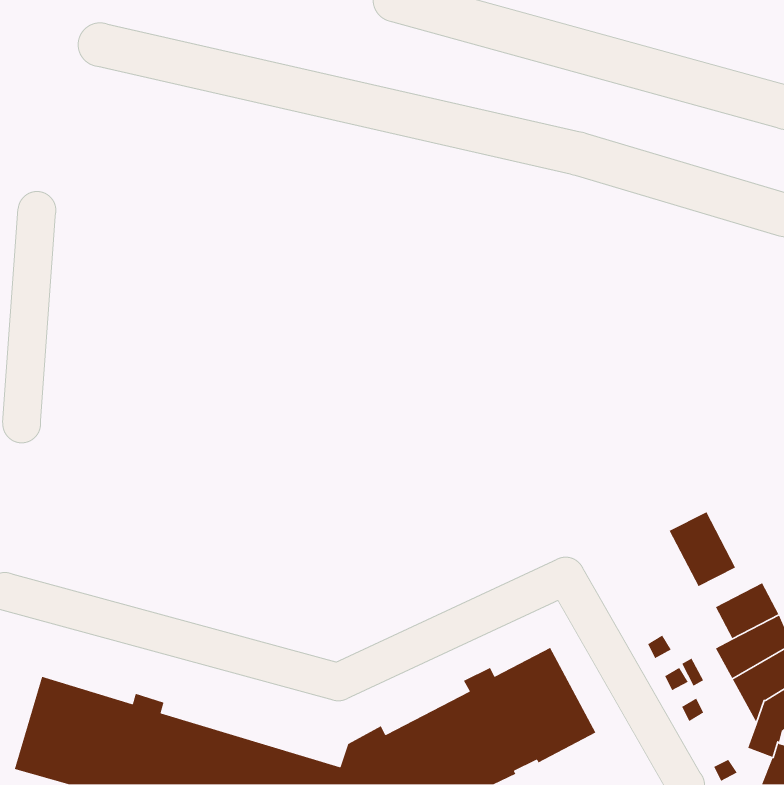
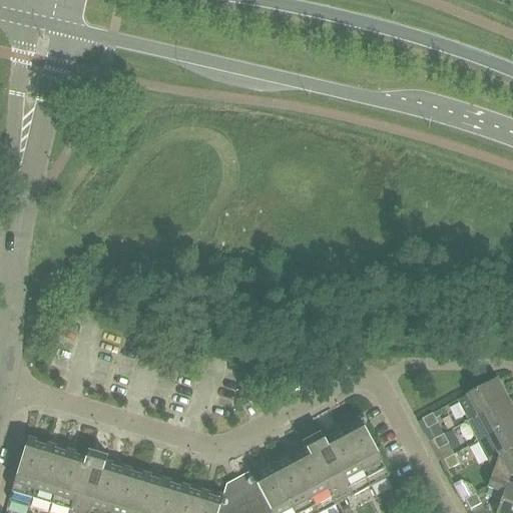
building: [669,511,736,587] -> none

